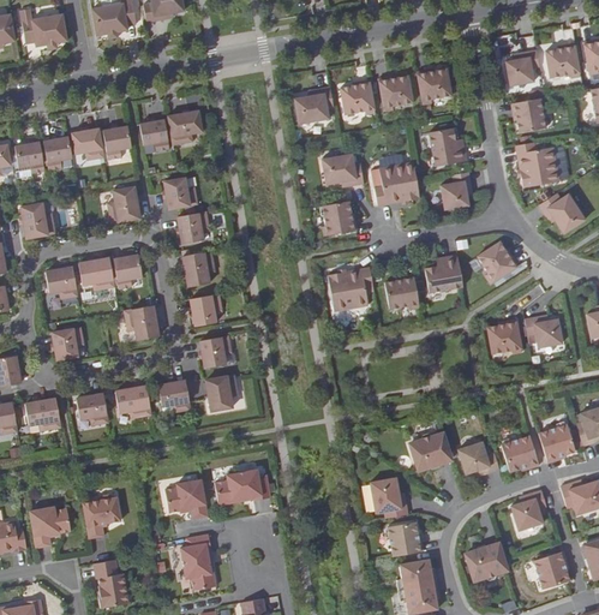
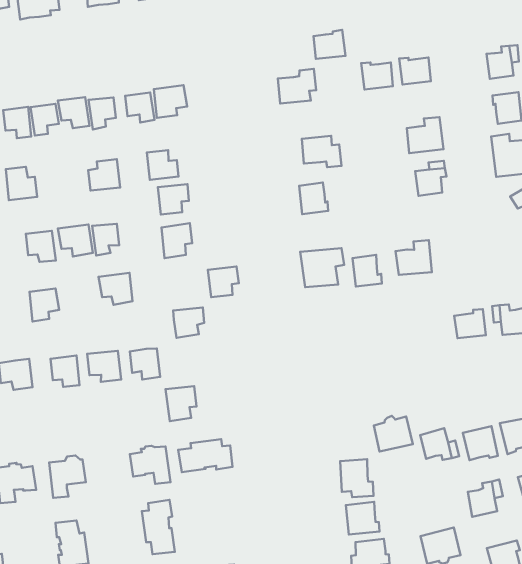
building: [341,78,375,109] -> [314,30,345,59]
building: [373,161,419,205] -> none
building: [479,240,519,279] -> none
building: [191,293,223,326] -> [208,267,239,297]
building: [205,374,238,411] -> [166,386,196,421]

